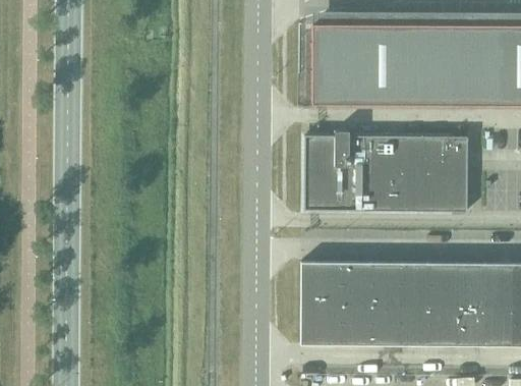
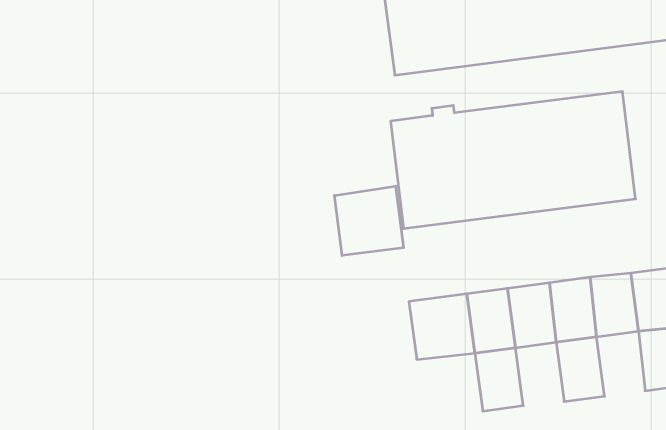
building: none -> [334,186,404,256]
building: [302,302,343,344] -> none
building: [371,304,400,345] -> none
building: [428,304,458,345] -> none

